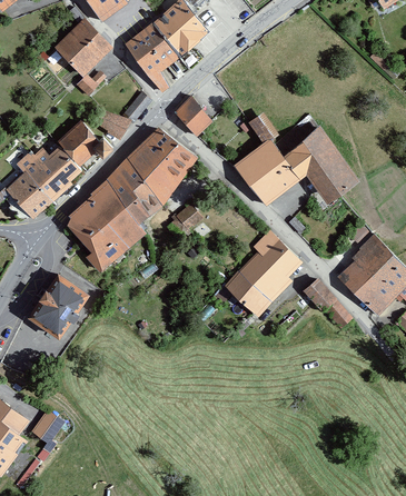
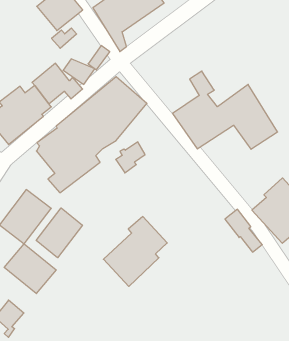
building: [174,97,214,137] -> none
building: [225,231,301,318] -> [103,217,167,286]
building: none -> [36,208,82,258]
building: none -> [4,244,56,294]

